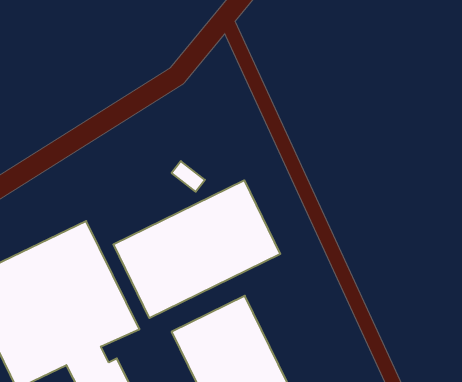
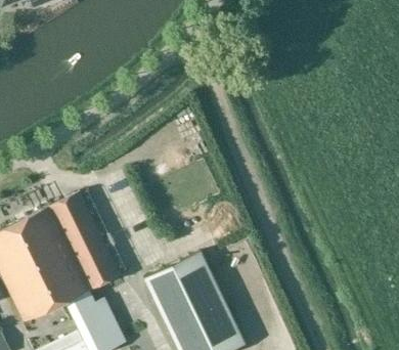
building: [113,180,280,318] -> none

